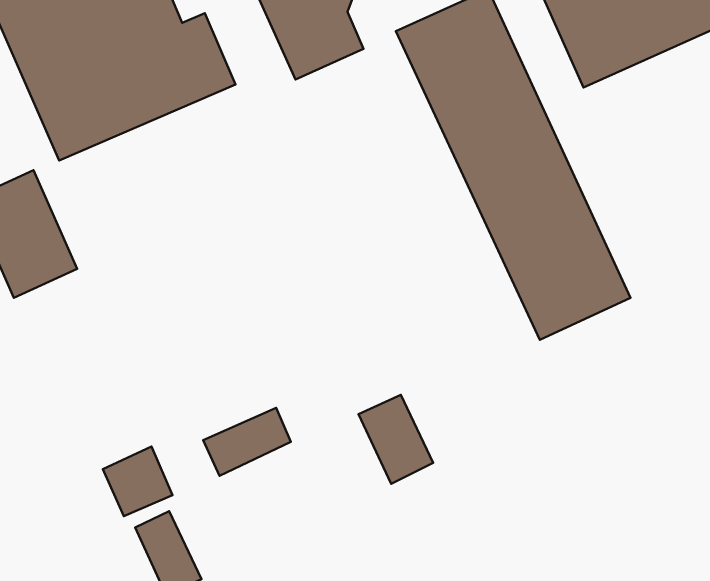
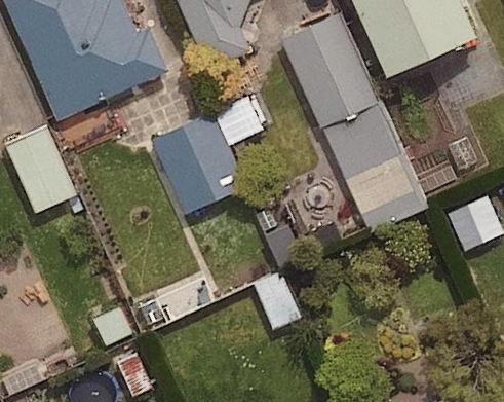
building: none -> [152,110,239,207]

